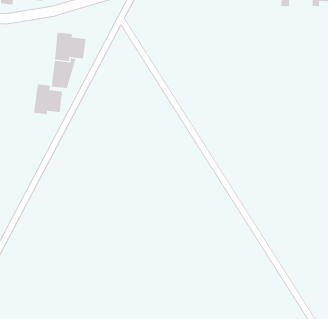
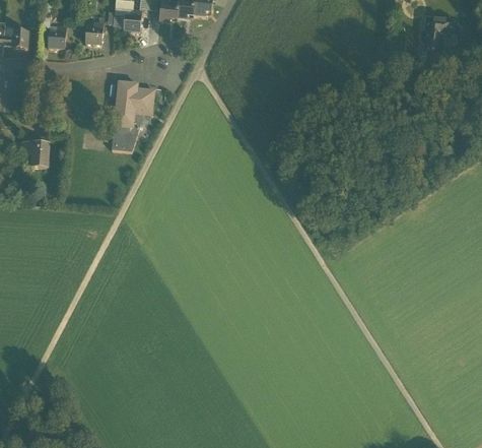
building: [33,83,63,115] -> none

